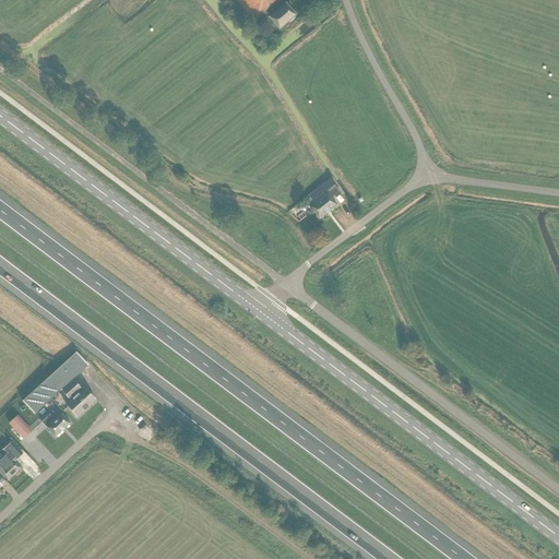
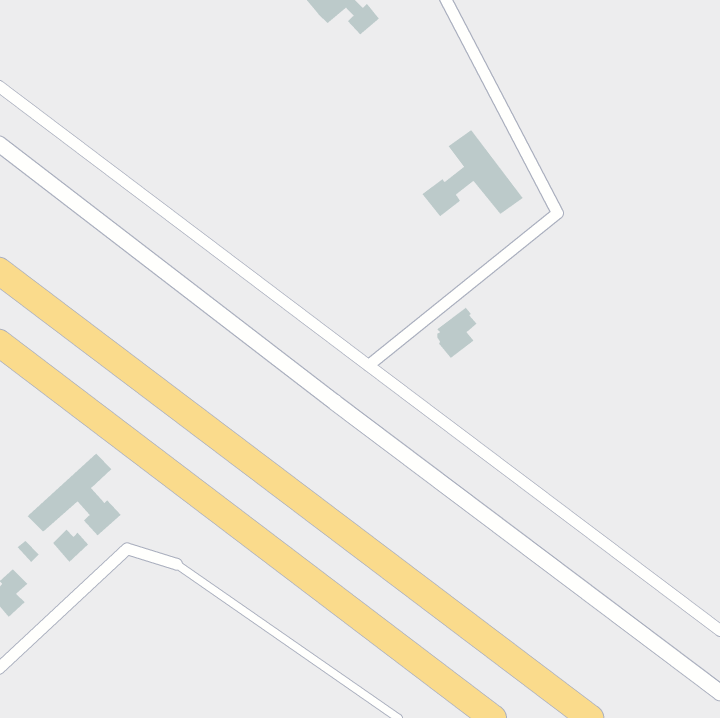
building: none -> [422,129,524,217]
building: [307,177,338,217] -> [436,307,477,359]

